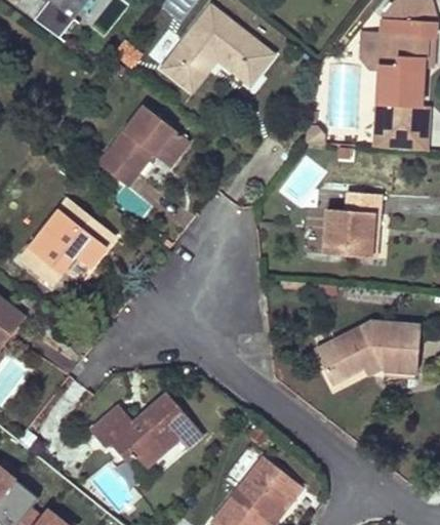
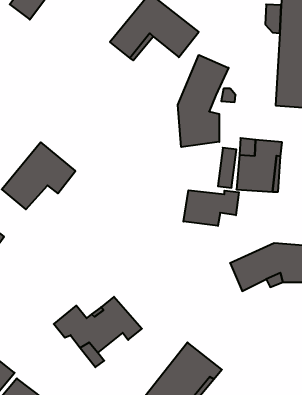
building: none -> [178,55,229,147]
building: [98,106,185,180] -> none
building: none -> [183,190,239,226]

